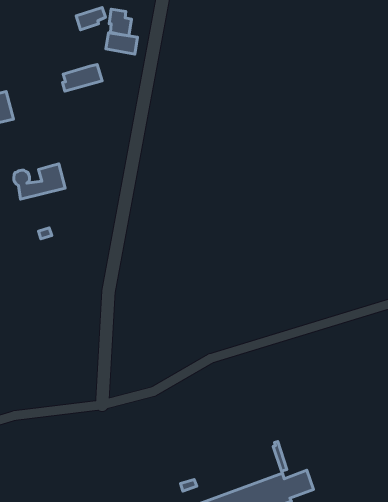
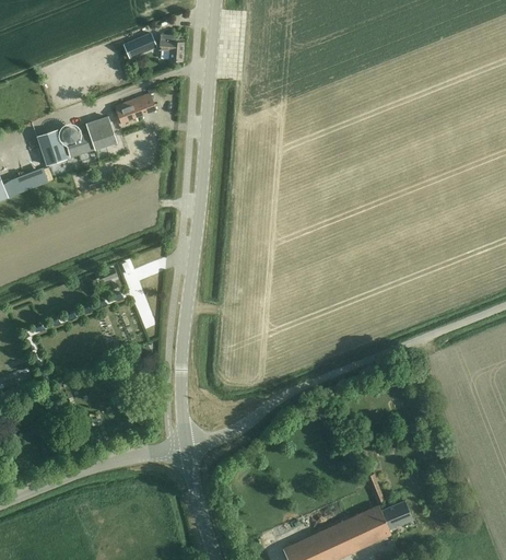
building: [106,33,137,54] -> none
building: [14,164,65,199] -> [61,116,116,156]

